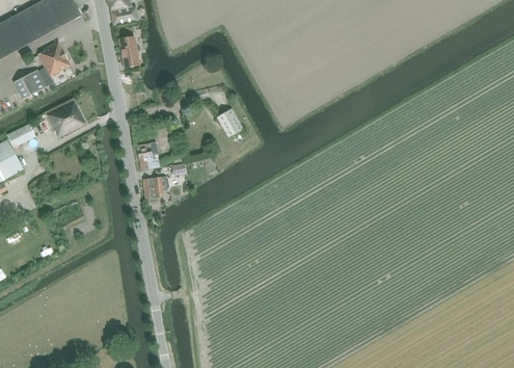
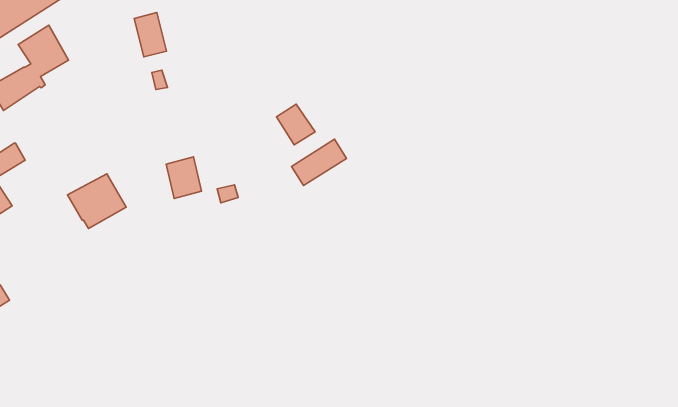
building: [44,99,85,137] -> [67,174,126,228]
building: none -> [292,139,347,186]
building: [141,176,167,199] -> none

